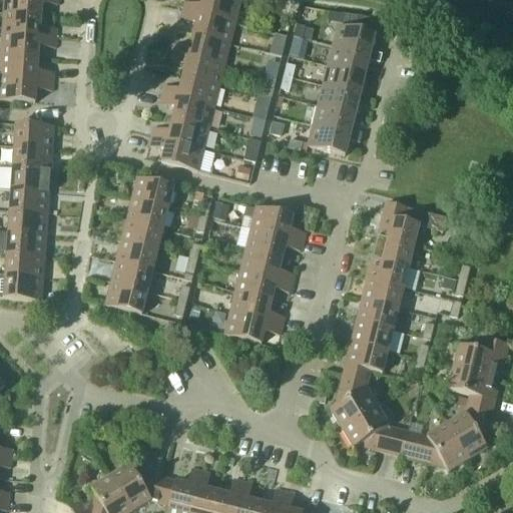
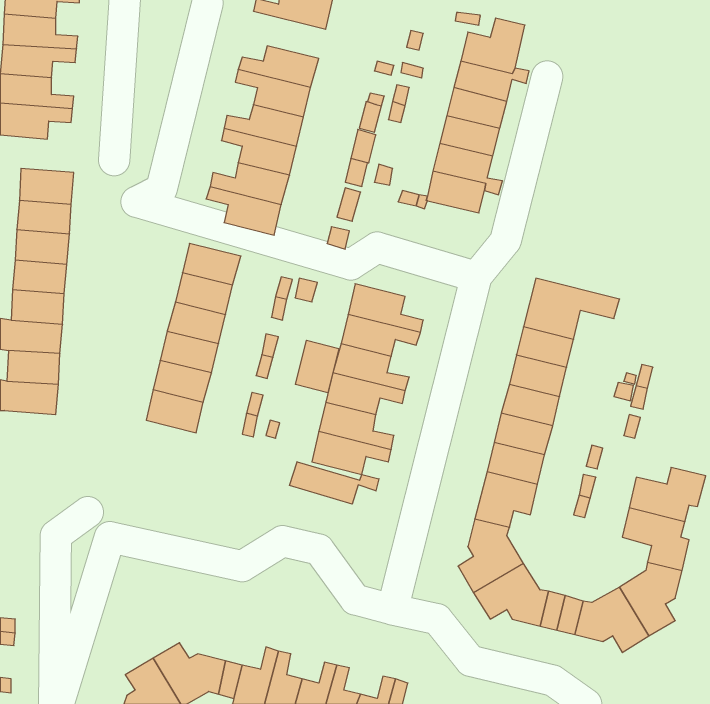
building: [181,8,235,42] -> none
building: none -> [295,340,339,393]
building: none -> [289,462,379,504]

